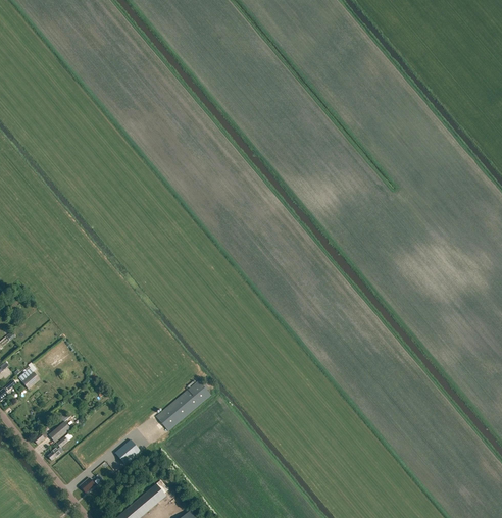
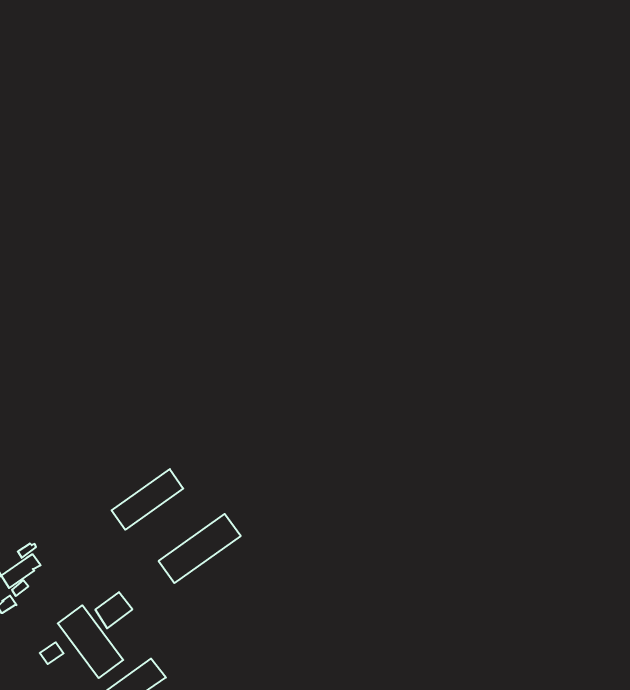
building: none -> [112,469,183,530]
building: none -> [58,605,123,678]

